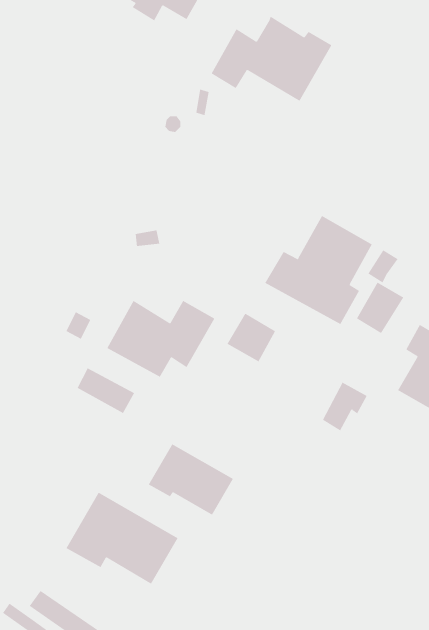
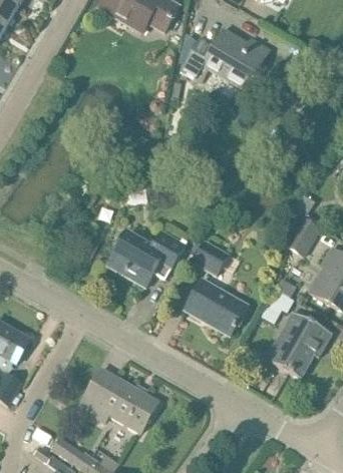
building: [265,215,372,325] -> none
building: [77,367,135,414] -> none
building: none -> [265,311,331,378]
building: [148,444,234,515] -> [185,280,246,331]

